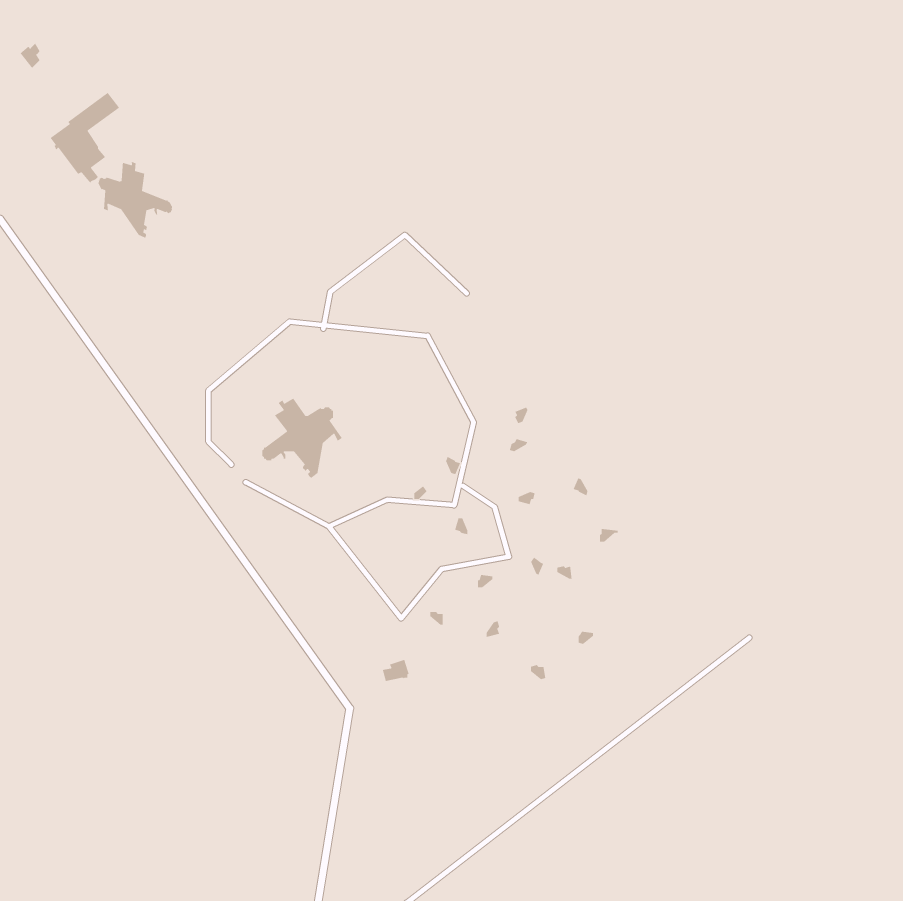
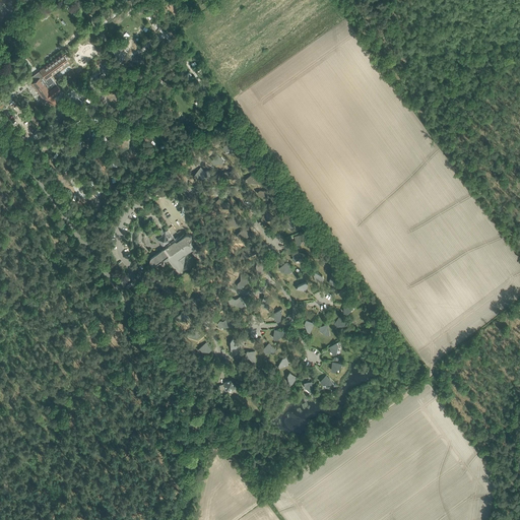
building: [97,161,173,239] -> none

